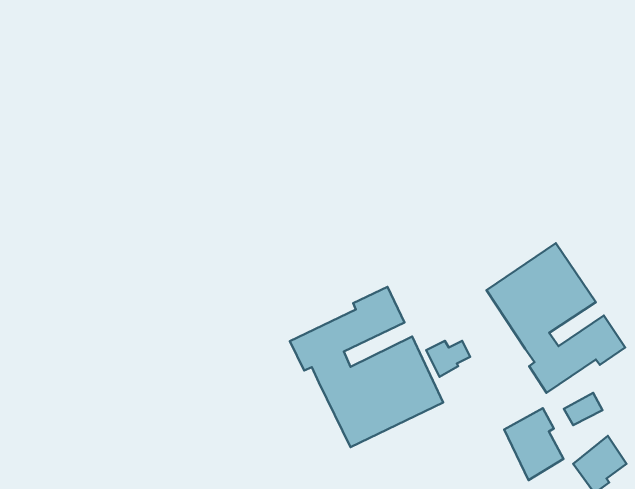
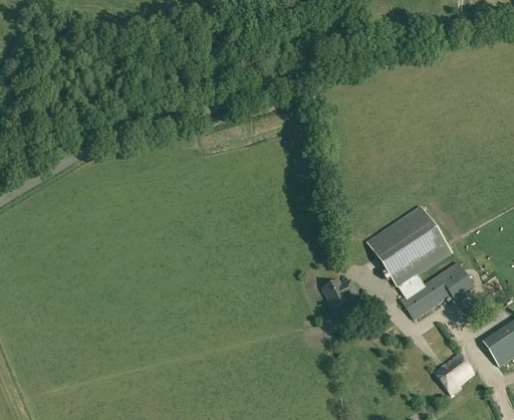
building: [290,287,443,447] -> none
building: [504,408,564,480] -> none

